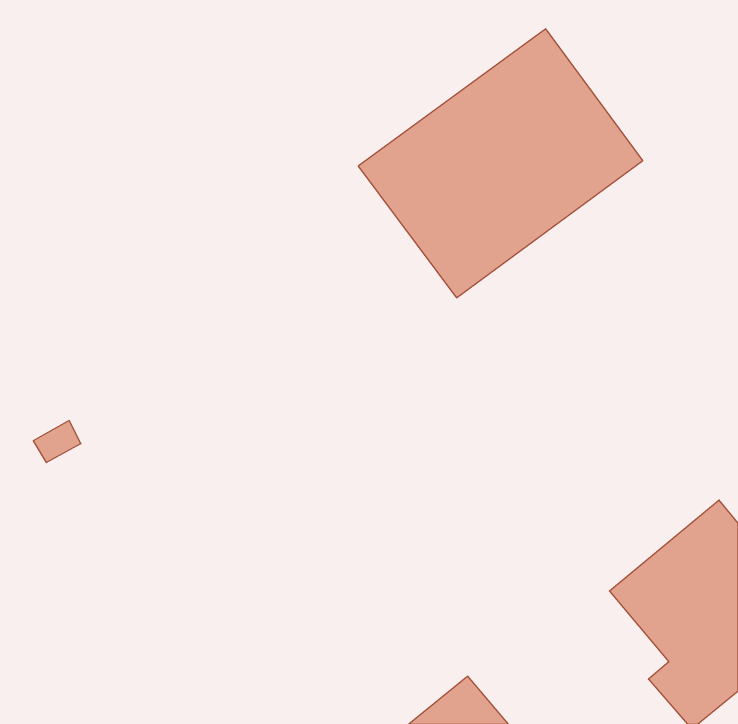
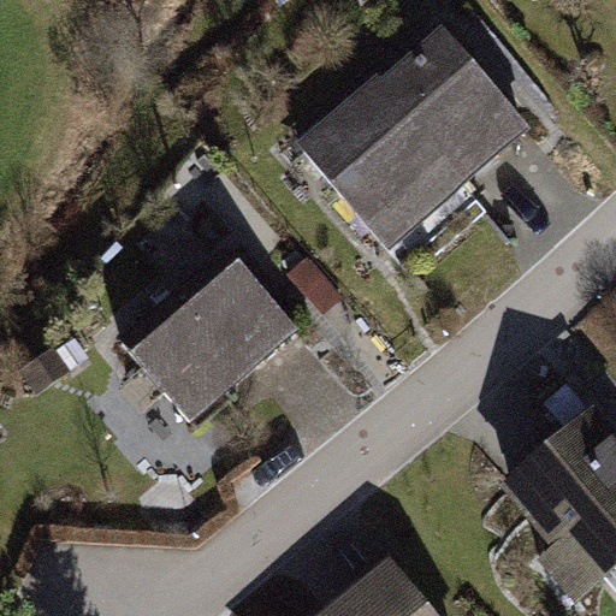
building: none -> [130,257,290,414]

